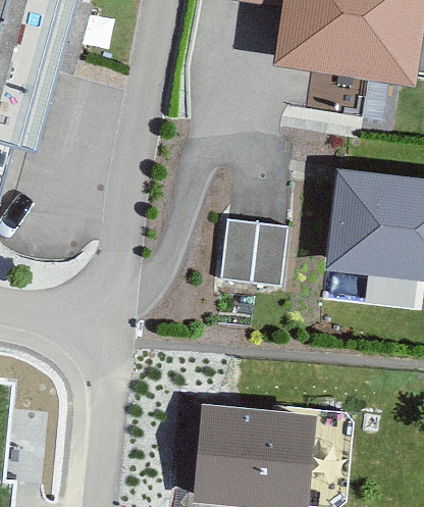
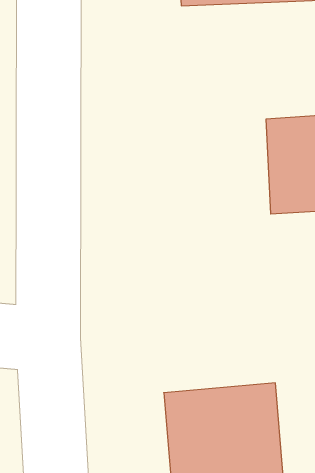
building: [220,221,285,285] -> none

